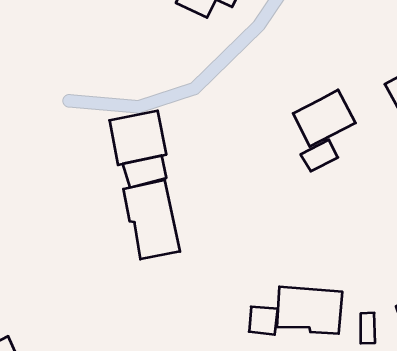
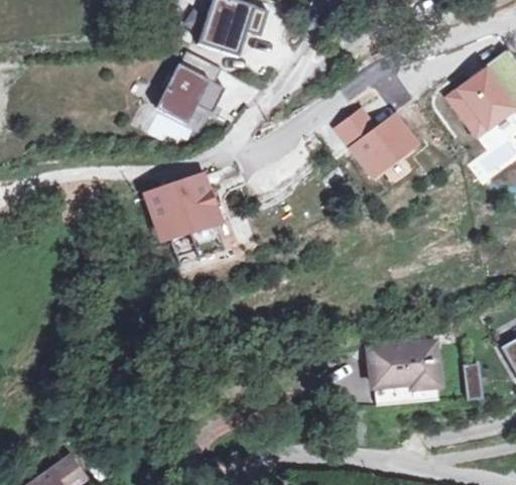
building: none -> [158,67,227,127]
building: [301,140,338,171] -> [336,108,378,146]
building: [123,180,180,259] -> none

